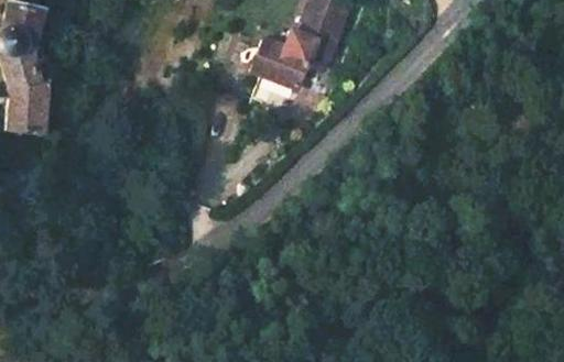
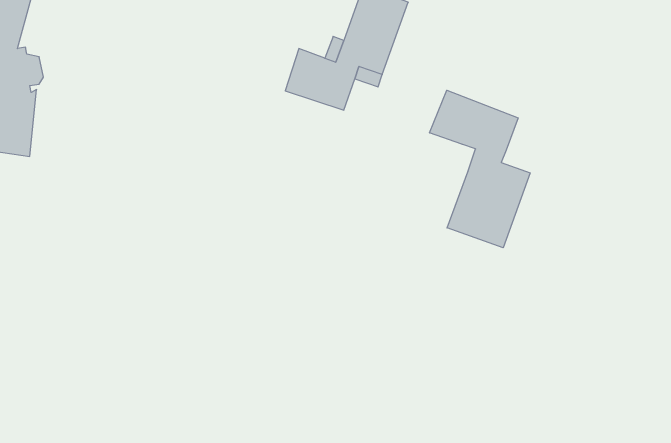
building: none -> [430,90,530,248]

